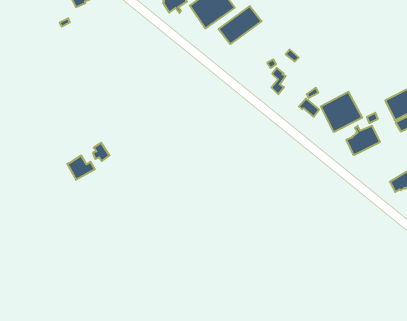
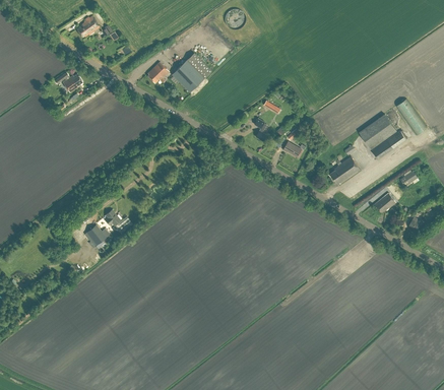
building: [219,6,262,44] -> none
building: [321,92,362,132] -> none

